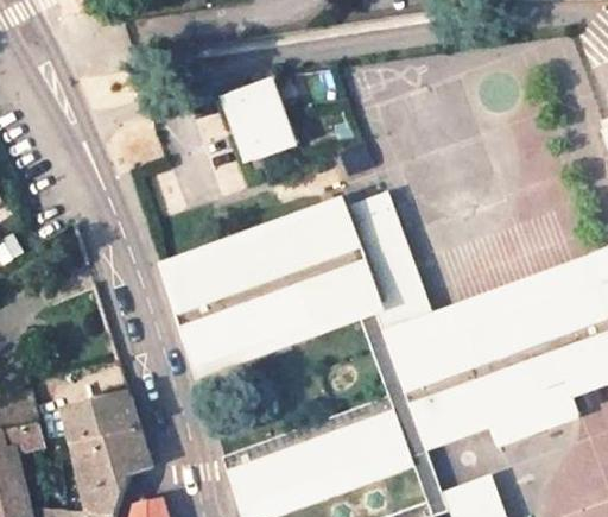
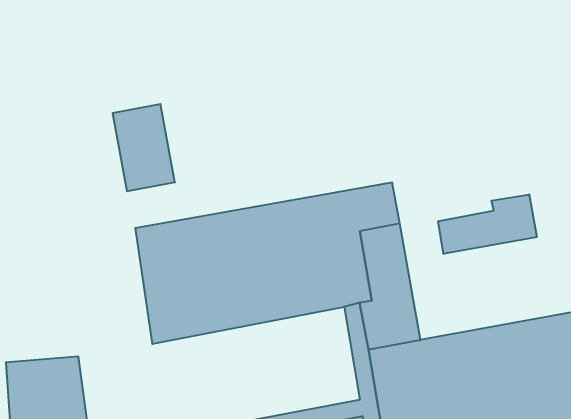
building: [232,76,298,159] -> [113,104,175,191]
building: none -> [438,194,537,254]

